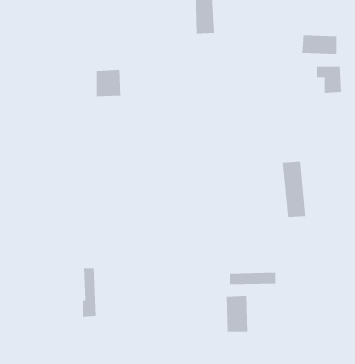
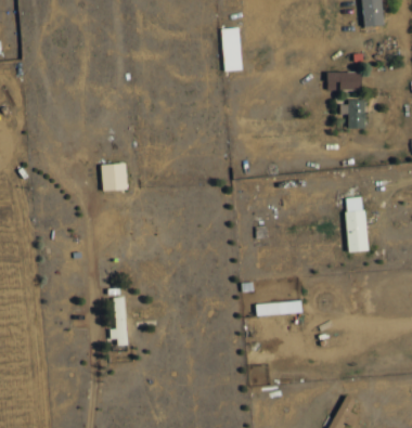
building: [96,69,121,97] -> [102,164,127,191]
building: [282,161,306,218] -> [344,197,368,252]
building: [226,295,248,333] -> none

